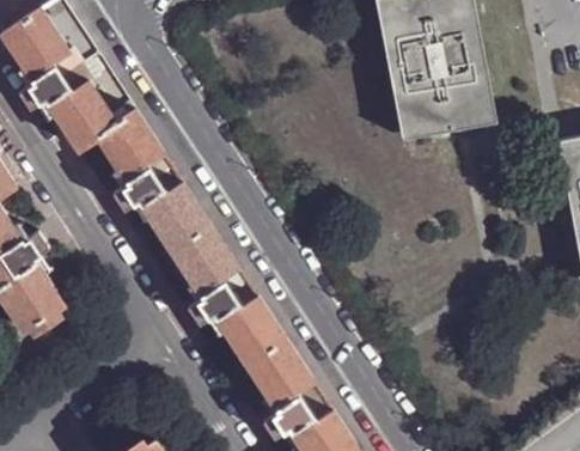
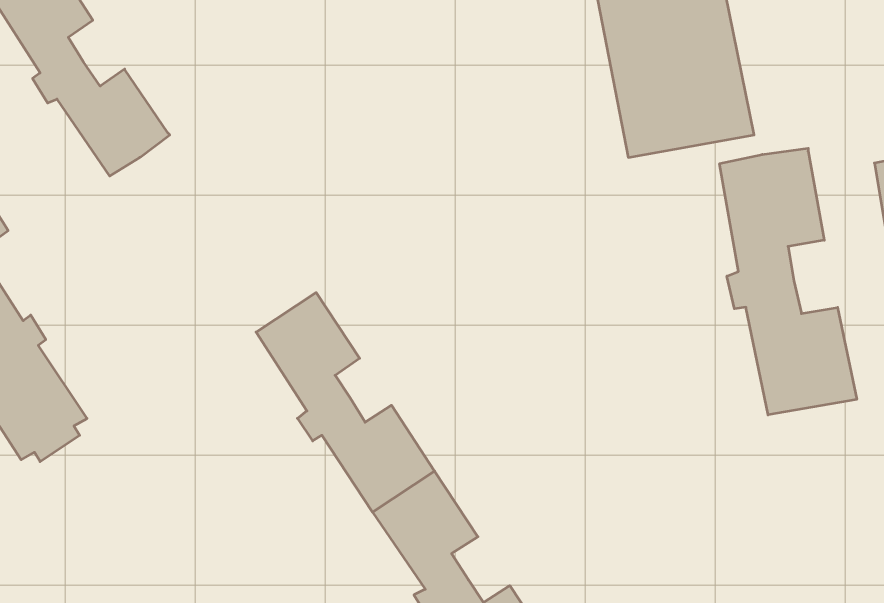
building: [97,110,209,250] -> none
building: none -> [720,148,857,415]

